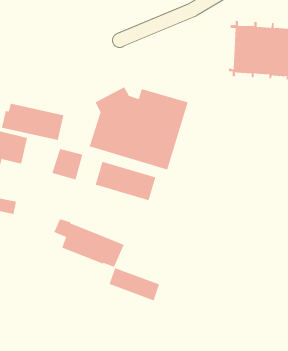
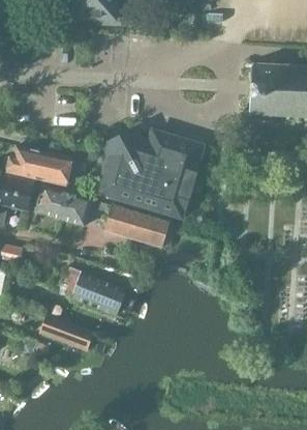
building: none -> [33,185,66,219]
building: [109,268,160,301] -> [38,315,92,350]

